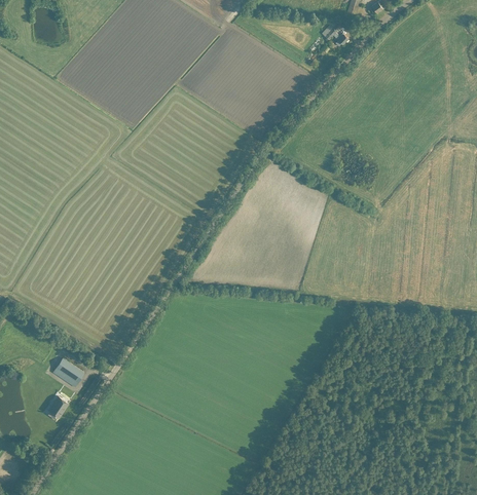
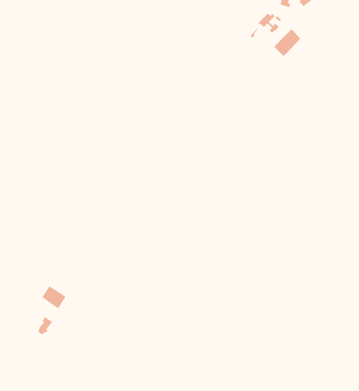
building: none -> [274,29,301,57]

